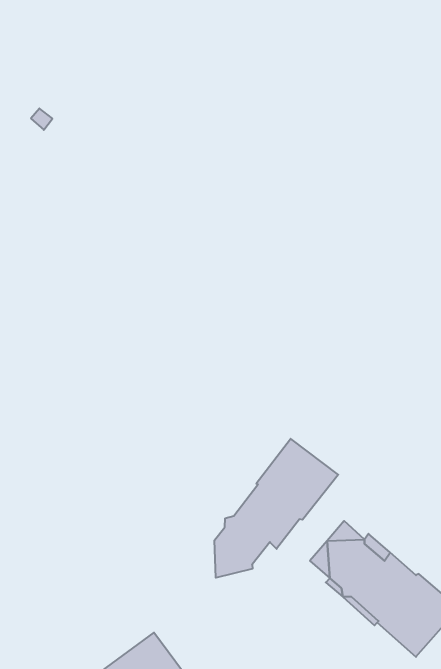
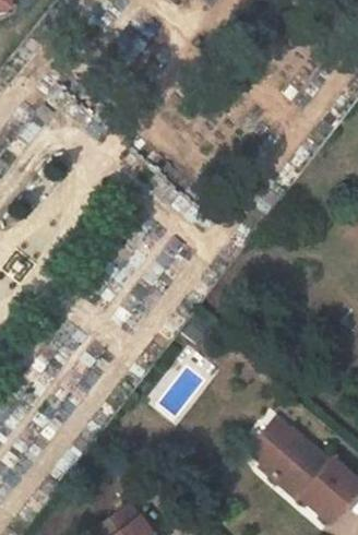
building: [215,439,338,578] -> none

